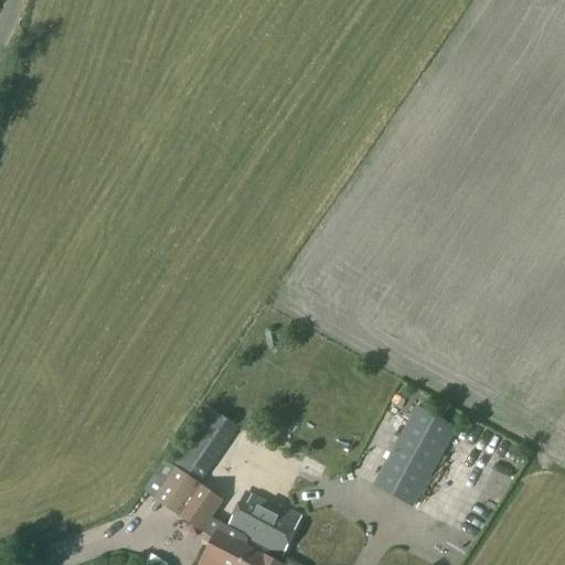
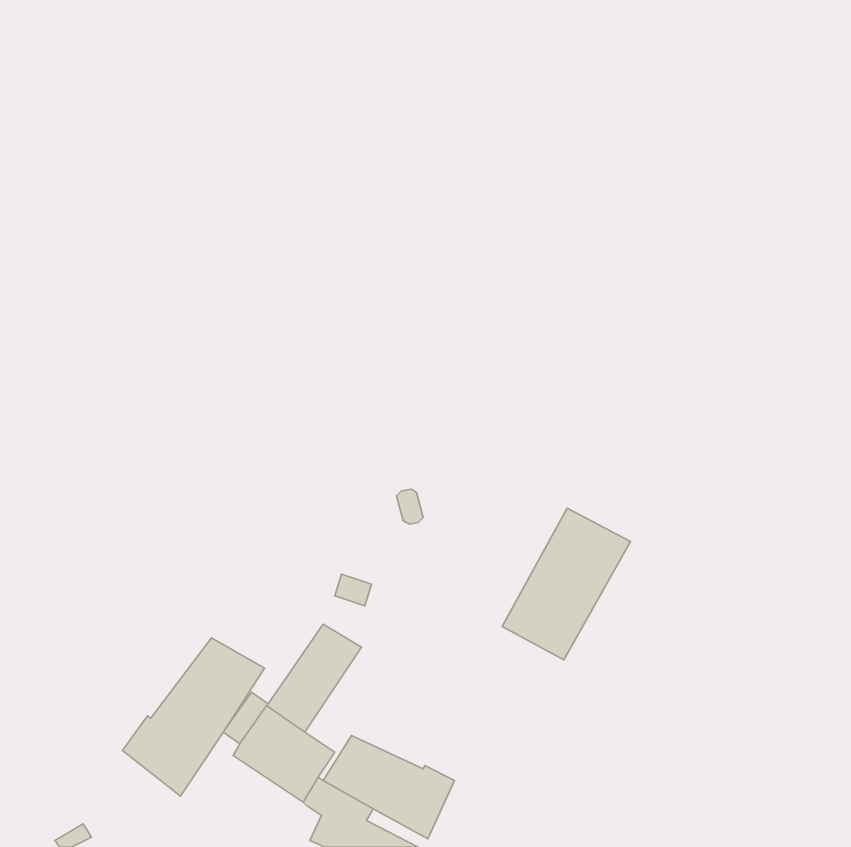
building: [373,407,458,508] -> [502,508,630,660]
building: none -> [123,638,265,796]

